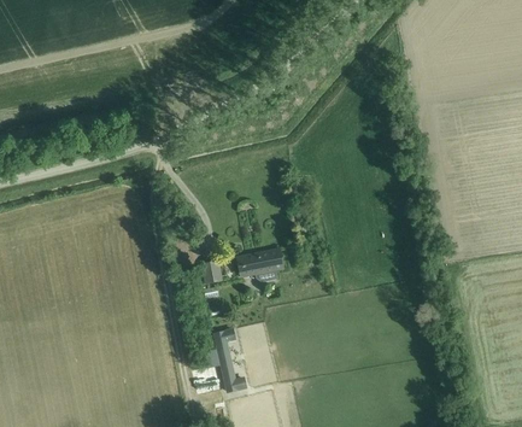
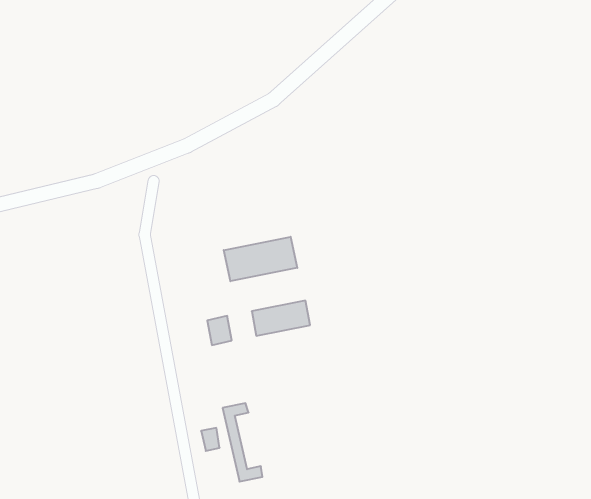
building: none -> [224,237,297,281]

